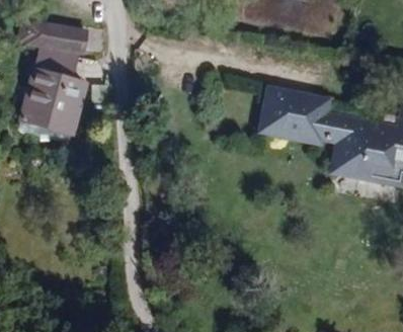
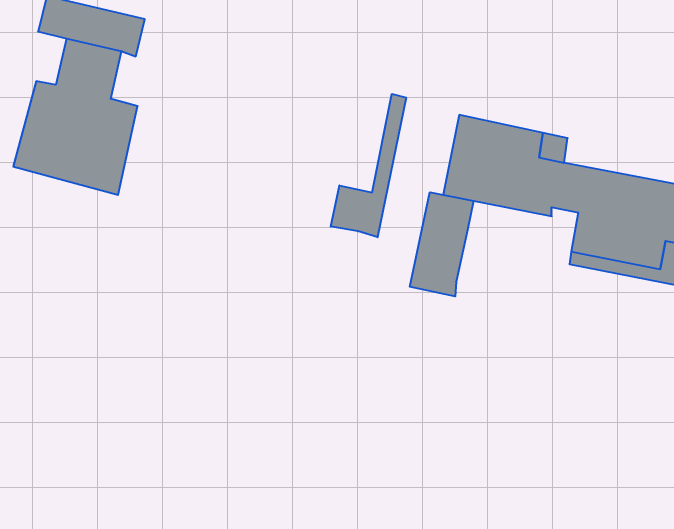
building: none -> [331,94,406,237]
building: none -> [410,192,473,296]

